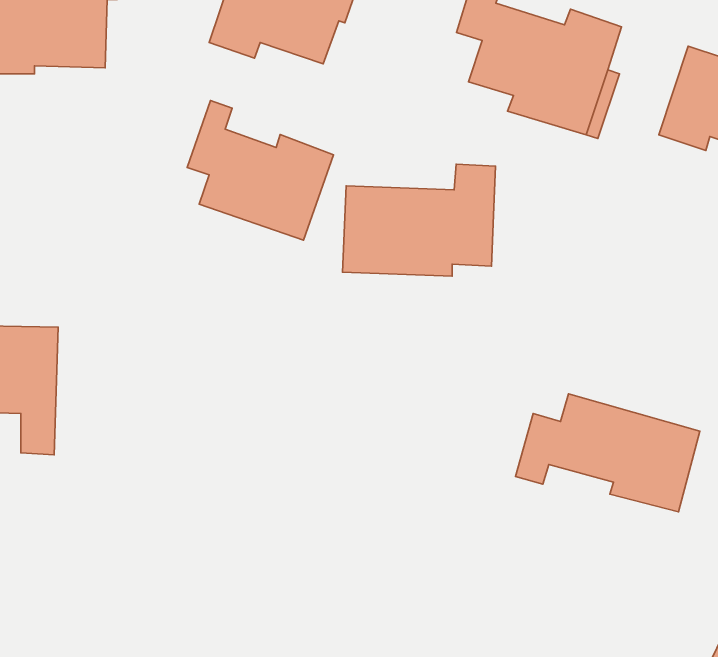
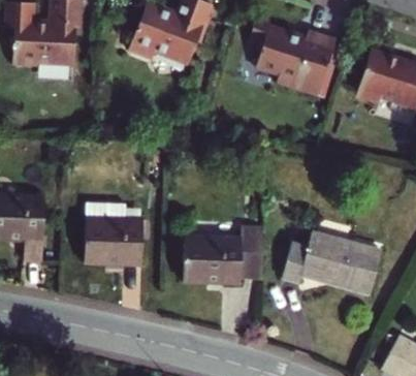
building: [187,101,334,240] -> none
building: [342,164,495,276] -> [181,223,261,282]
building: none -> [83,201,141,264]

